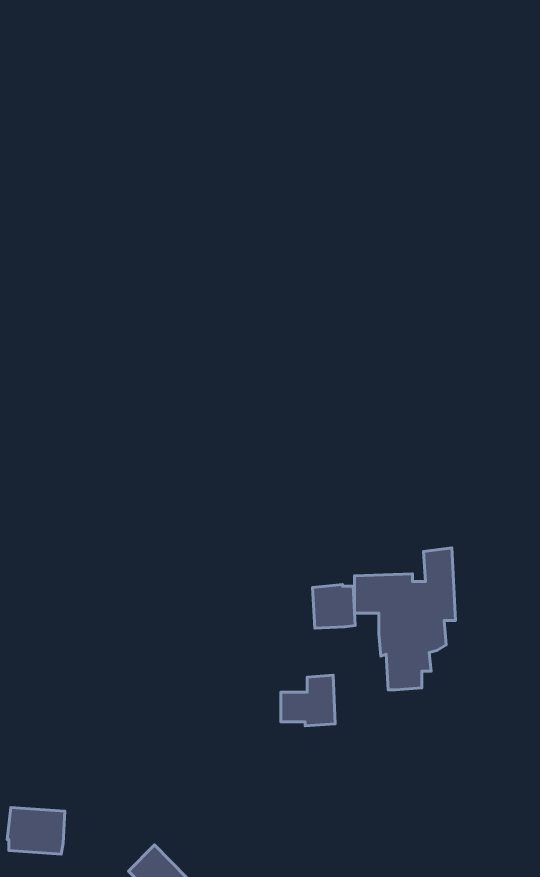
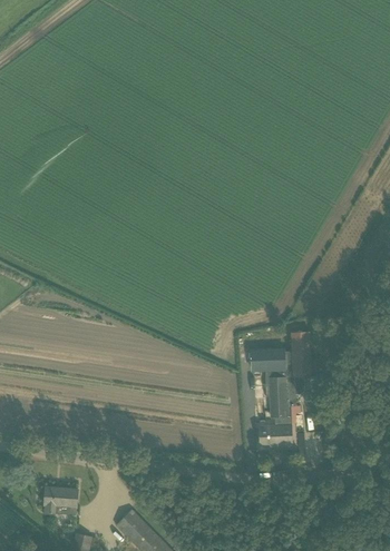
building: [313,585,355,628] -> none
building: [281,675,335,726] -> [259,415,291,445]

